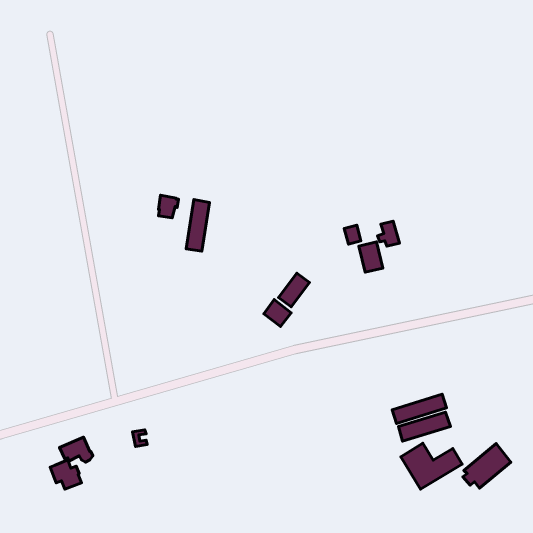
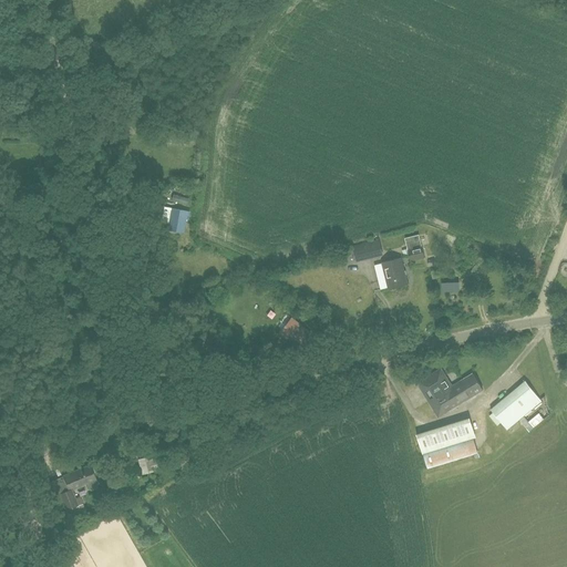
building: [186,199,209,251] -> none
building: [279,273,309,307] -> none
building: [401,443,462,489] -> [417,368,483,416]
building: [463,443,511,488] -> [489,381,540,429]

